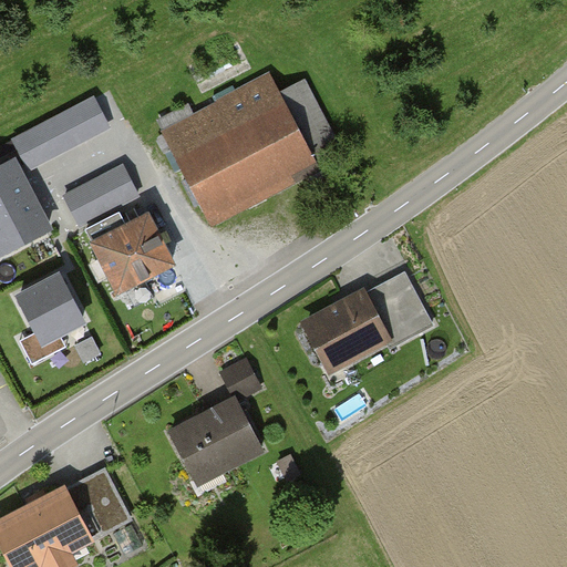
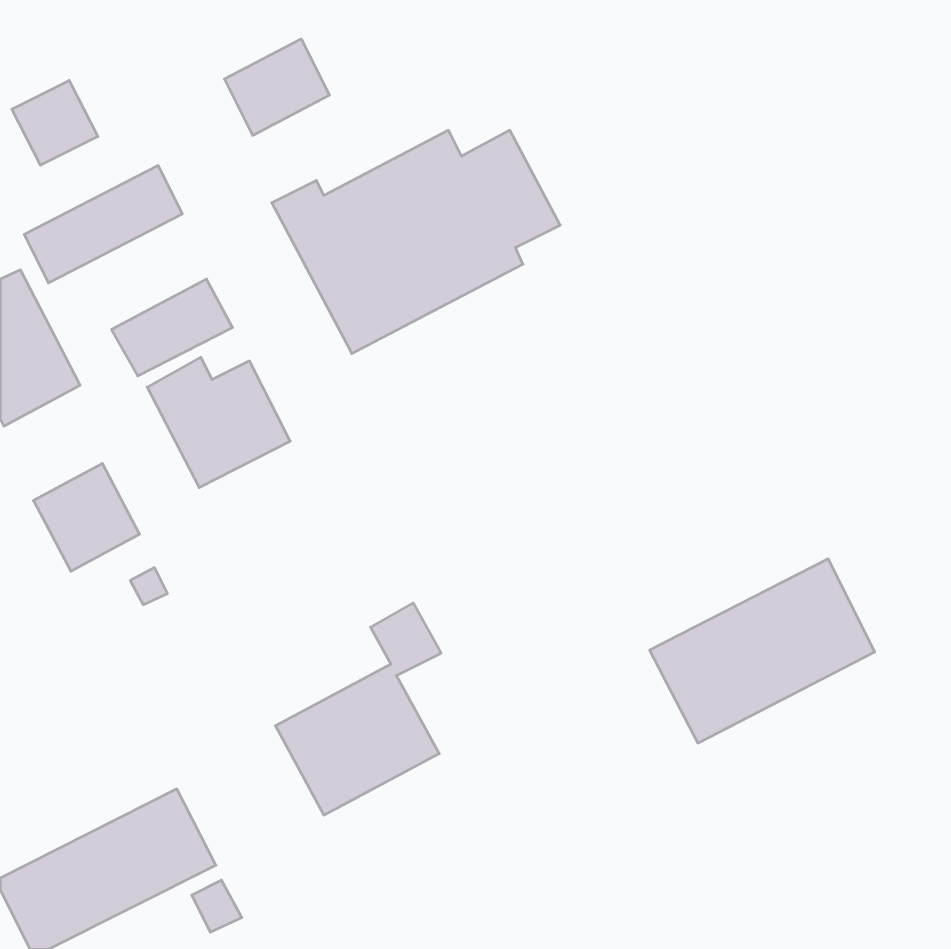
building: none -> [224,39,329,135]
building: none -> [12,80,98,165]
building: [297,269,431,379] -> [650,559,875,743]

